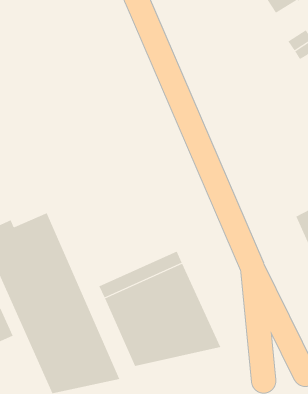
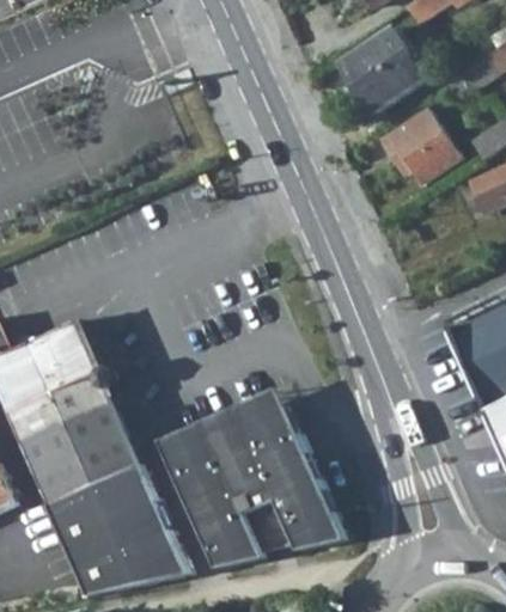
building: none -> [342,29,428,115]
building: none -> [379,110,459,185]

